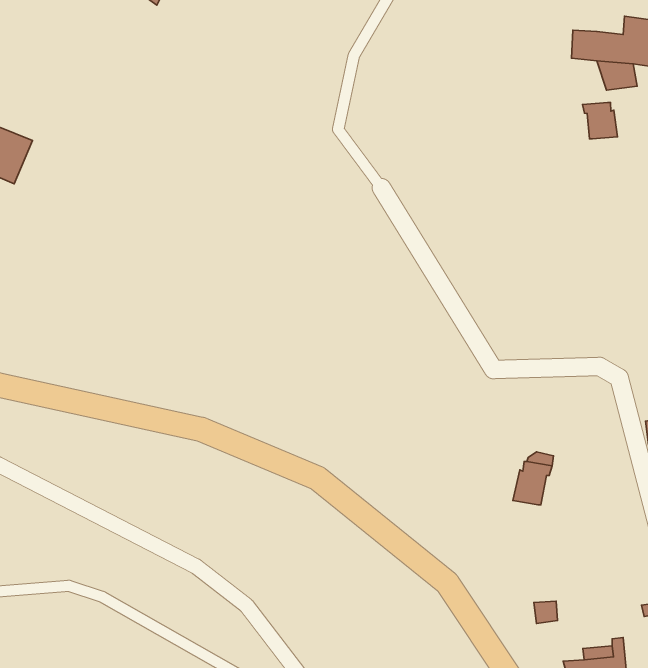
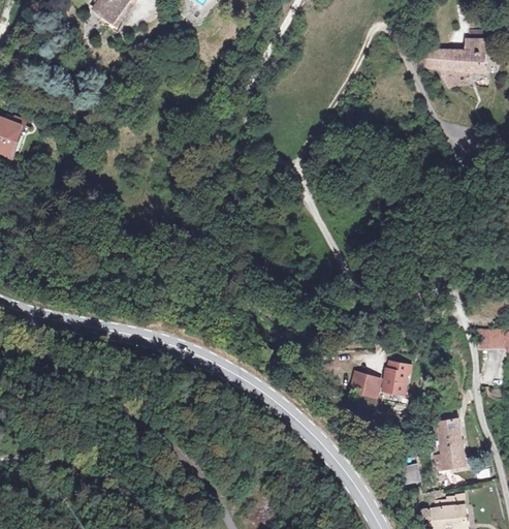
building: [583,102,618,139] -> none
building: none -> [349,371,383,400]
building: none -> [433,421,465,471]

